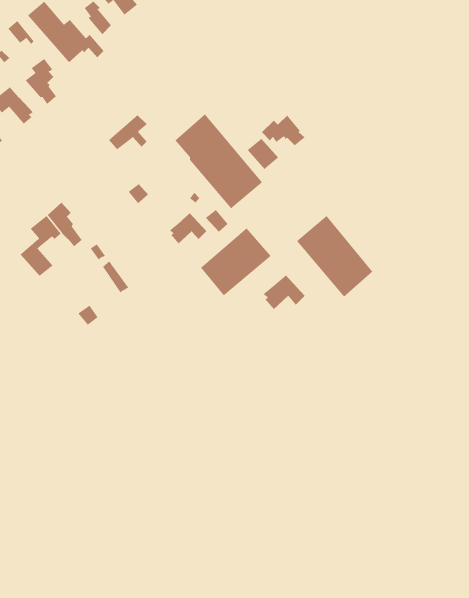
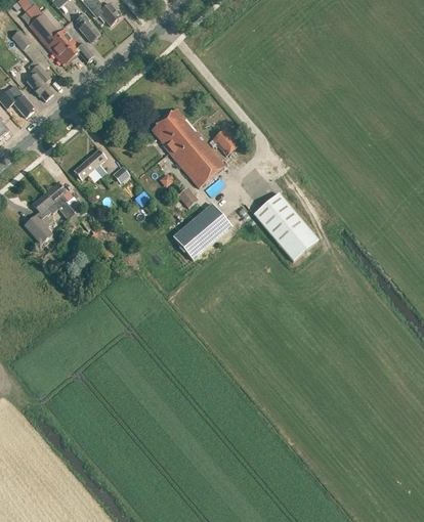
building: [108,114,147,150] -> [74,149,107,179]
building: [261,115,305,146] -> none
building: [169,213,207,244] -> none
building: [263,274,305,310] -> none

